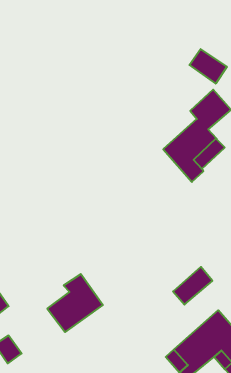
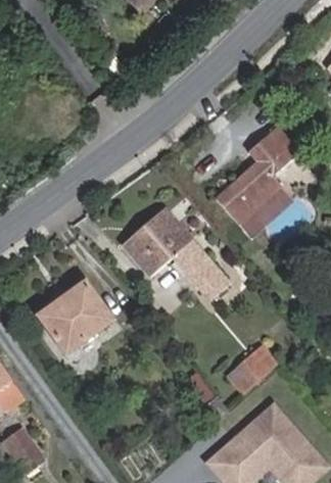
building: [189,49,227,84] -> none
building: none -> [125,211,228,300]
building: [47,274,103,332] -> [43,282,112,354]

